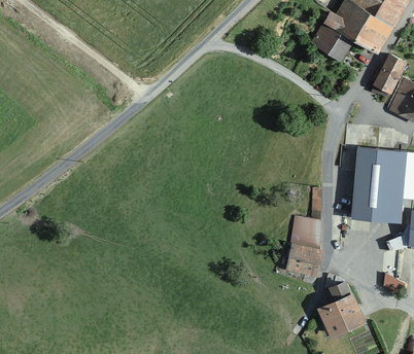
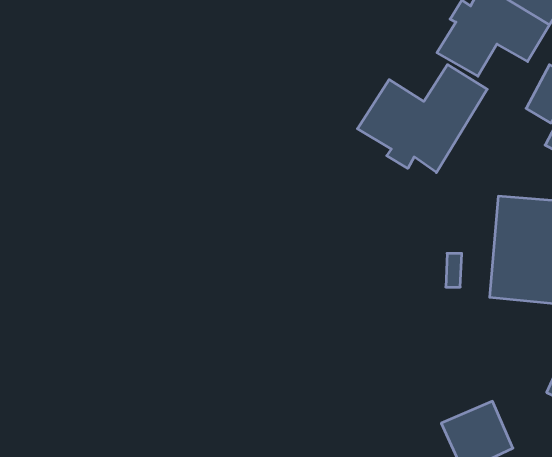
building: none -> [357,65,487,173]
building: [287,215,330,279] -> none

